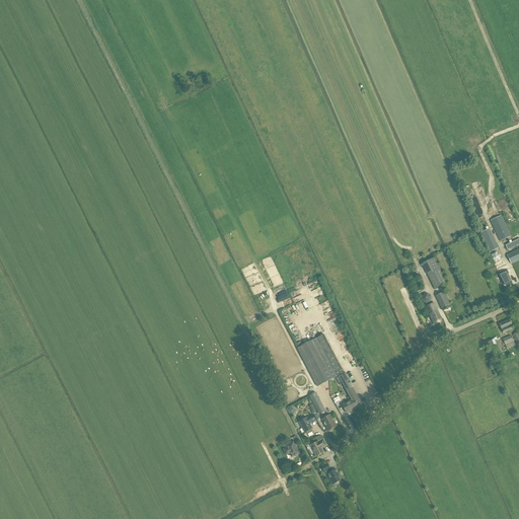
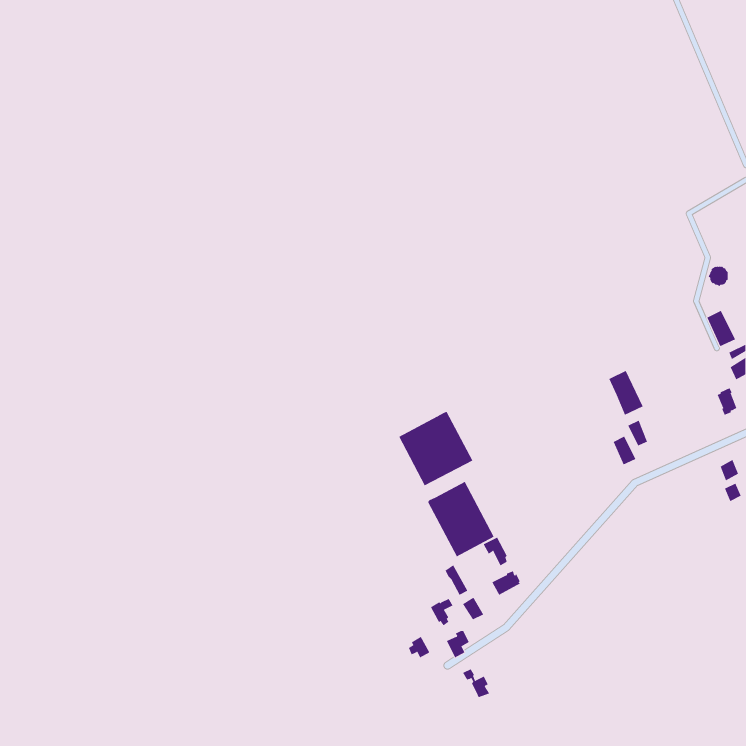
building: none -> [398,411,473,486]

